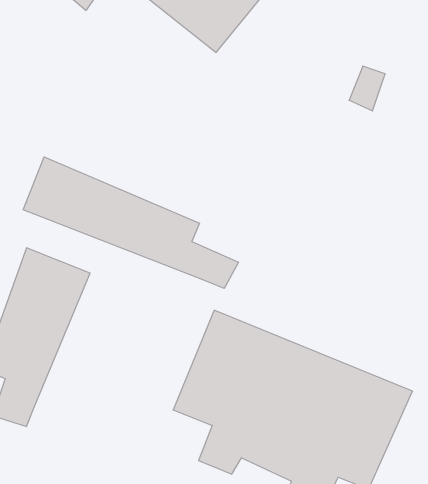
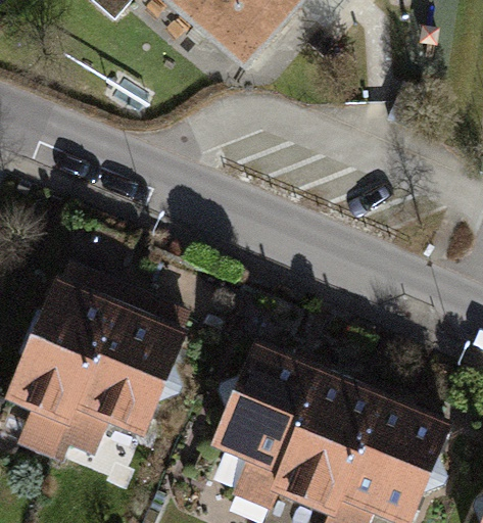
building: [23,157,238,288] -> none
building: none -> [59,298,189,455]

